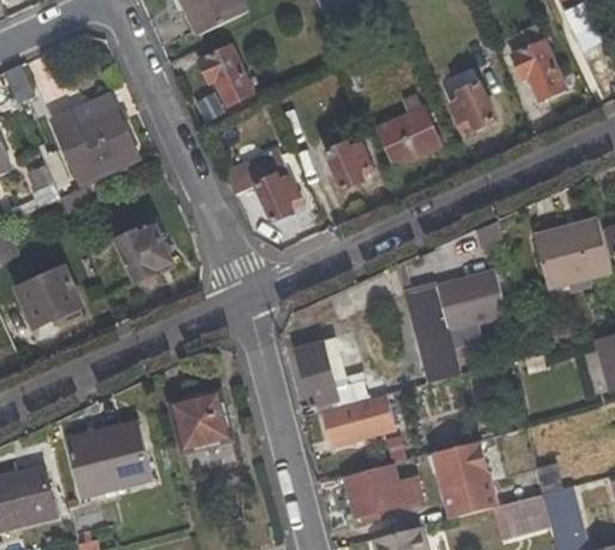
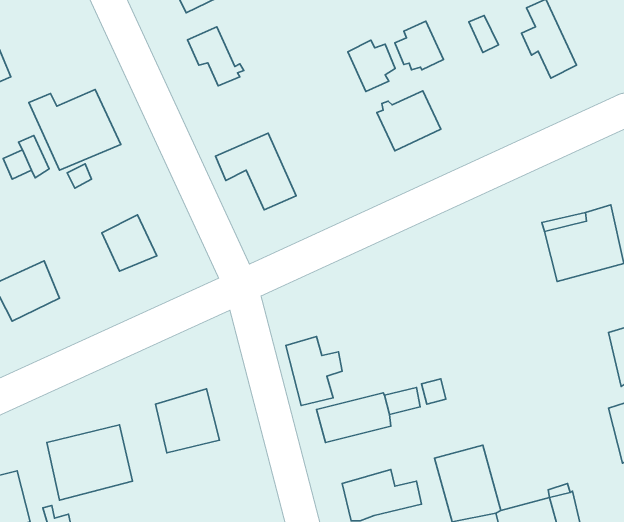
building: [451,83,497,129] -> [395,21,444,70]
building: [327,142,372,190] -> [348,40,395,91]
building: [403,272,505,382] -> none

